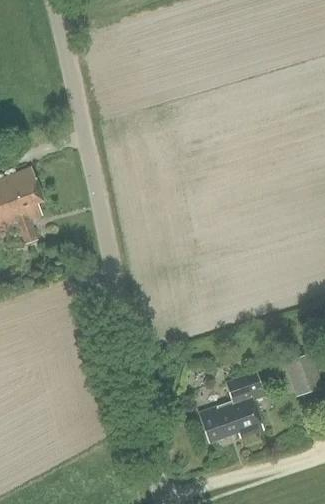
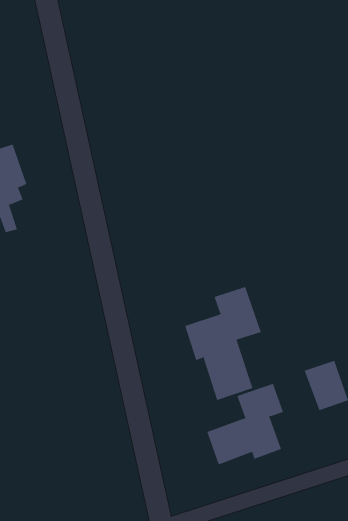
building: none -> [184,286,262,401]

